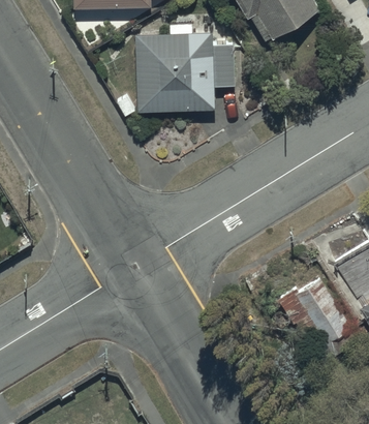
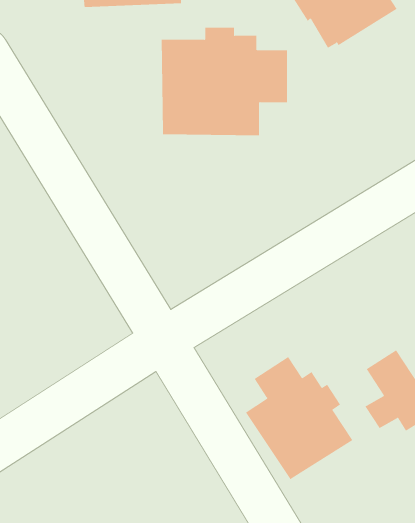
building: none -> [245,356,353,480]

